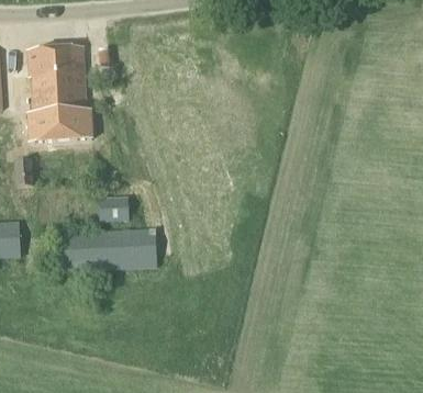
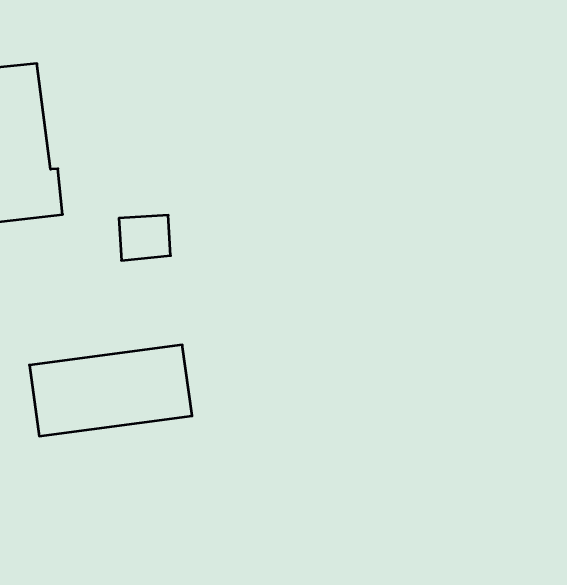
building: [100,196,130,222] -> [119,215,171,260]

